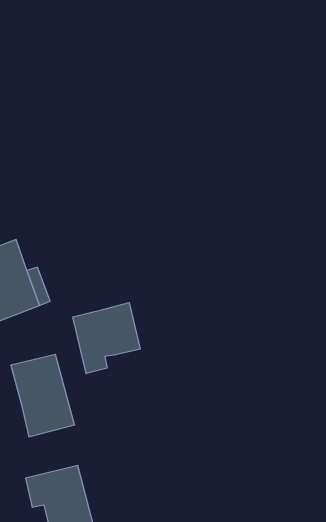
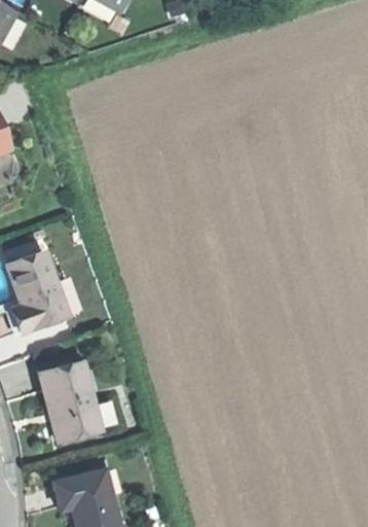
building: [73,303,140,374] -> none

